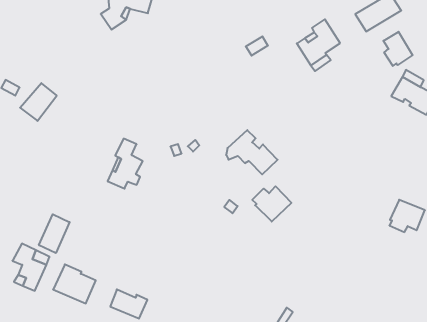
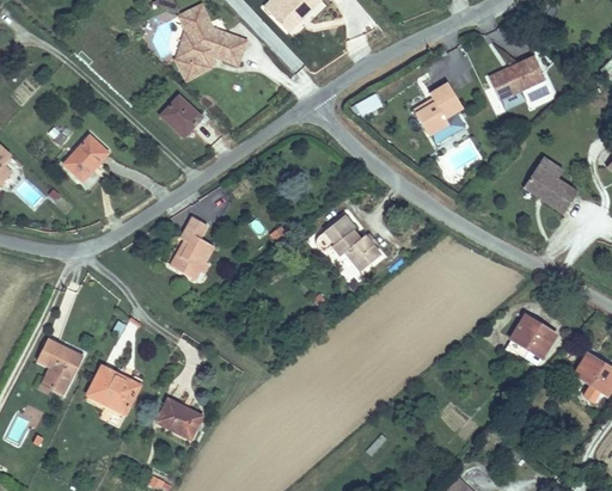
building: [383,32,413,66] -> none
building: none -> [155,91,200,131]
building: [252,186,291,222] -> none
building: [39,214,70,253] -> none

